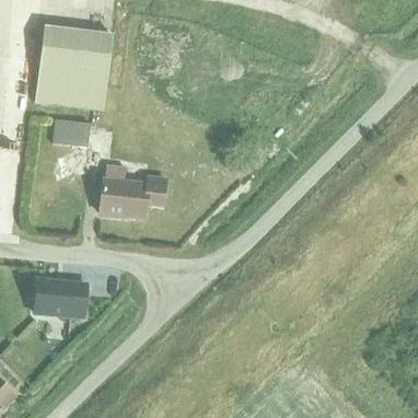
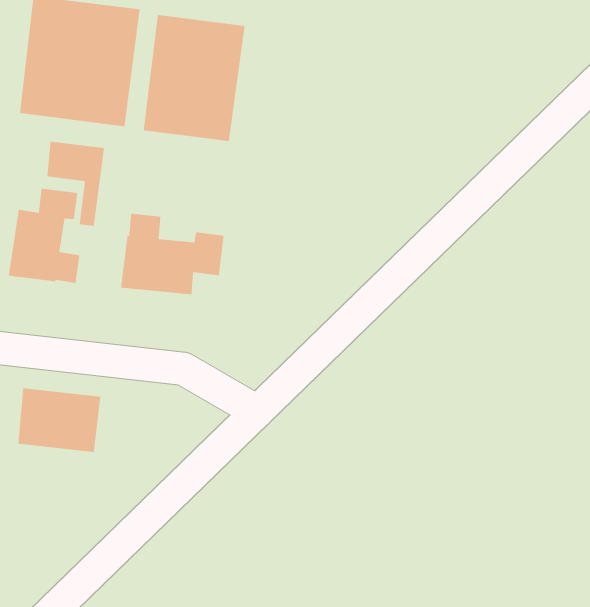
building: none -> [143,14,245,142]
building: none -> [8,188,80,284]

